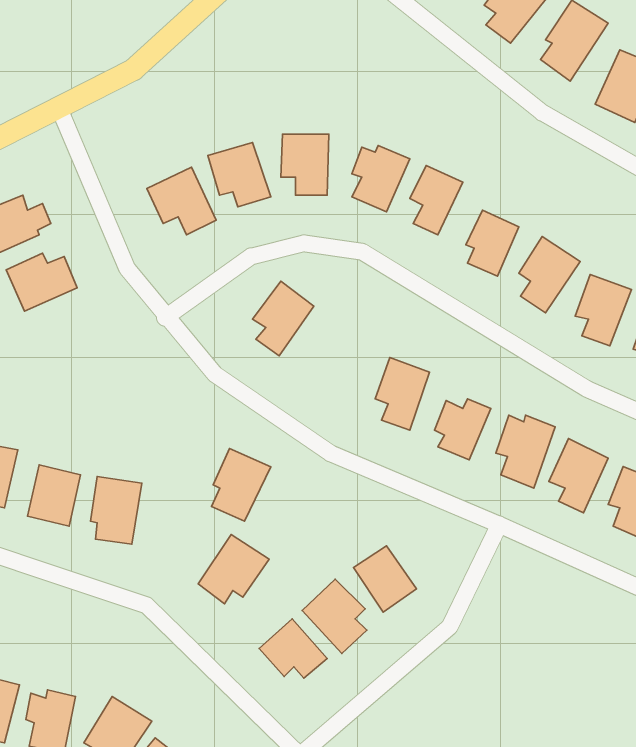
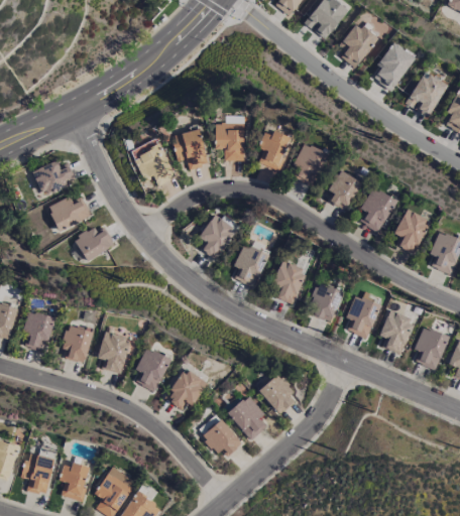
building: none -> [74,226,114,261]
building: none -> [233,243,269,287]
building: [211,449,271,521] -> [135,347,171,391]

